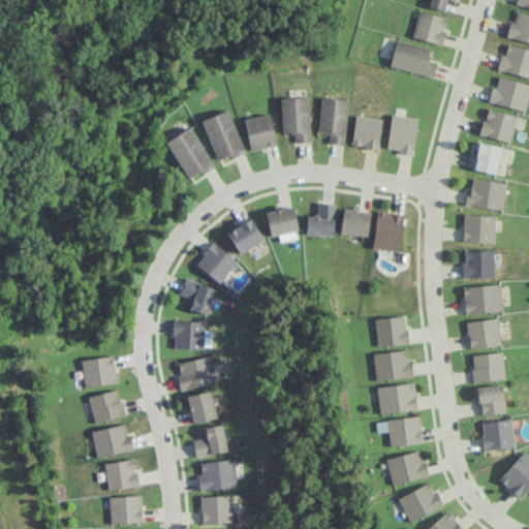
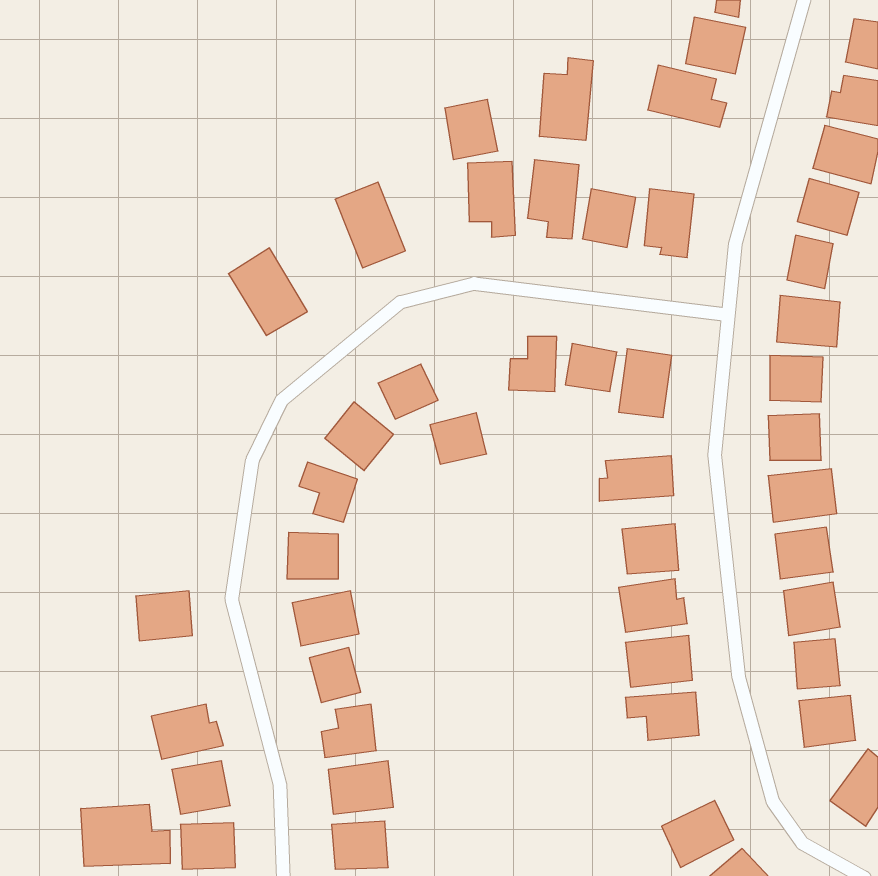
building: none -> [539,58,593,140]
building: [244,115,276,151] -> [445,99,498,160]
building: [165,127,213,180] -> [228,248,307,336]
building: [264,206,299,237] -> [430,413,487,464]
building: none -> [599,456,673,501]
building: [89,391,124,422] -> none
building: [385,450,429,486] -> none
building: none -> [81,804,170,866]

